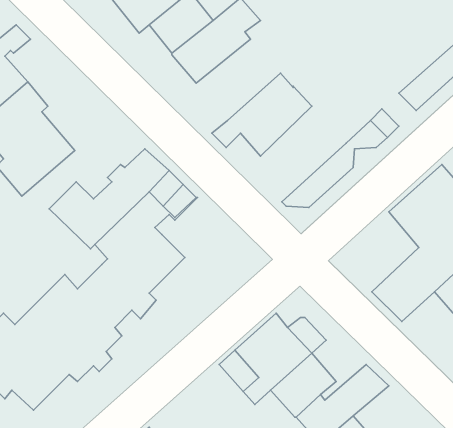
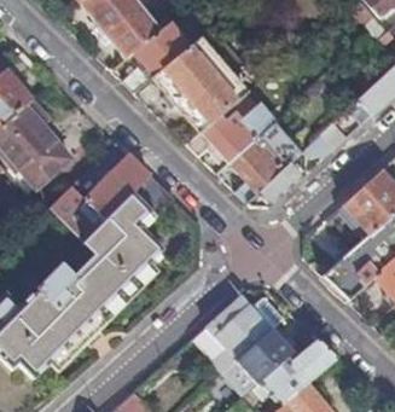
building: none -> [174,62,257,130]
building: none -> [228,118,301,199]

